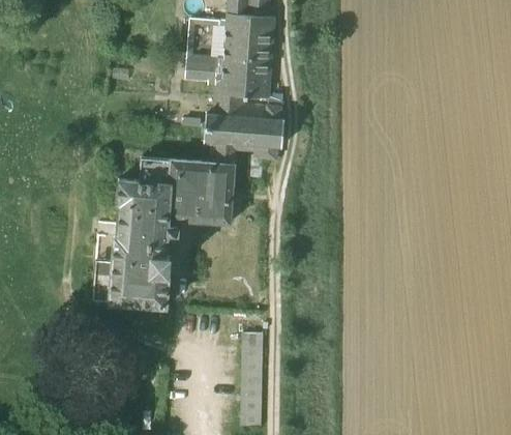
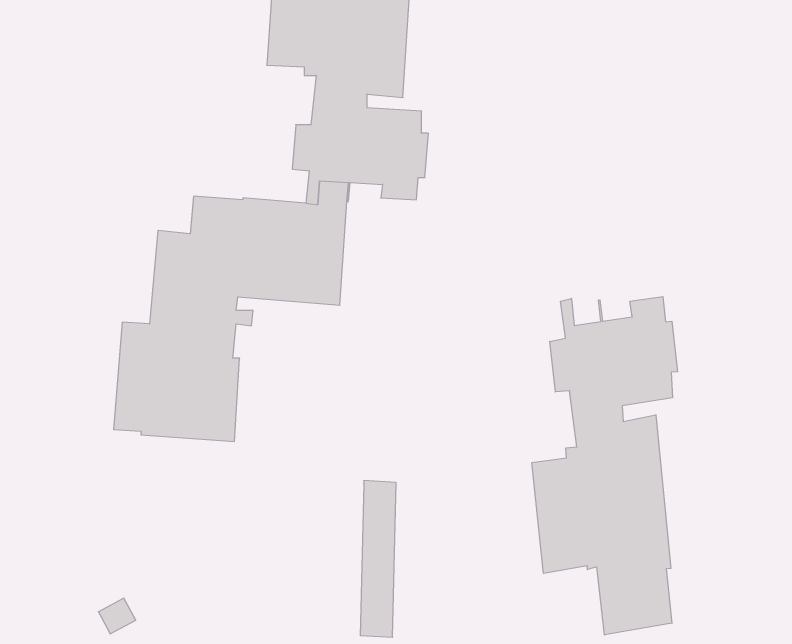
building: none -> [532,297,677,635]

